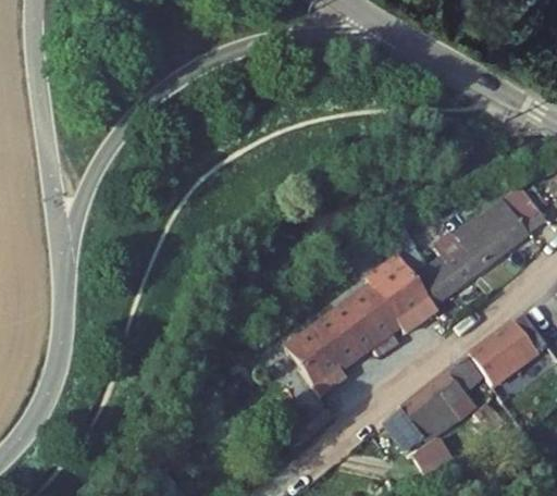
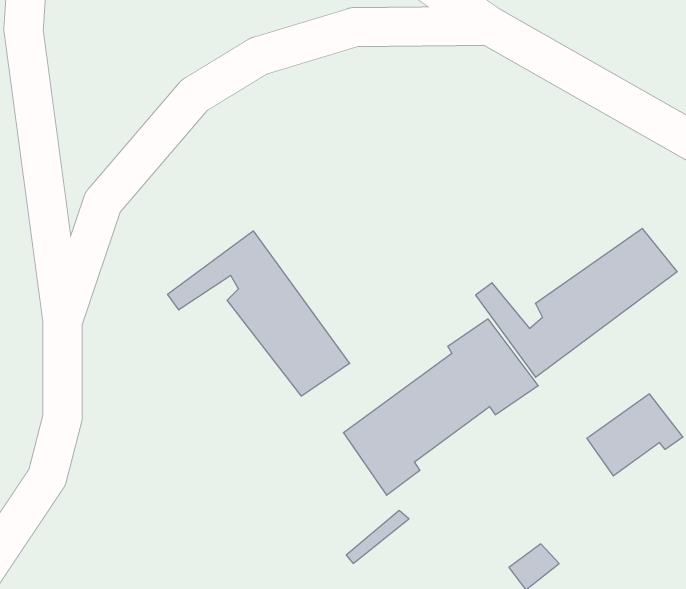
building: none -> [168,231,350,396]
building: [384,355,483,450] -> none

